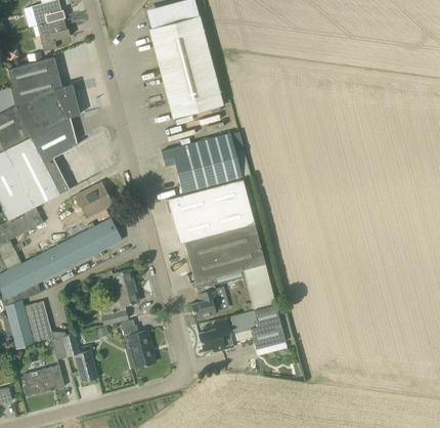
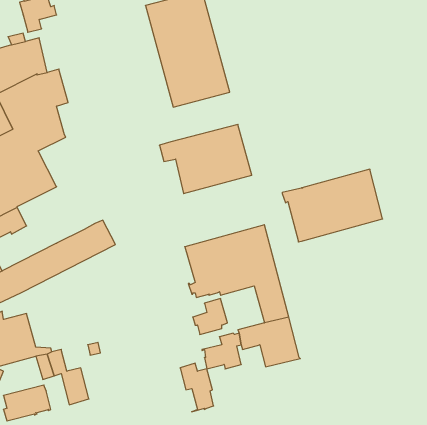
building: [165,178,254,243] -> [282,169,383,242]
building: [64,185,113,239] -> none
building: [97,269,136,326] -> none
building: [123,325,152,368] -> [180,363,214,412]

